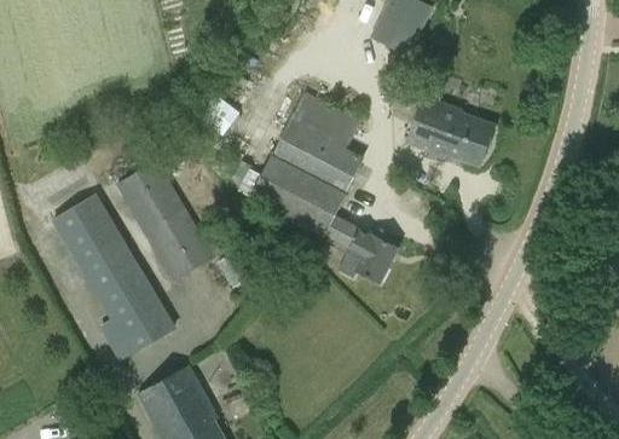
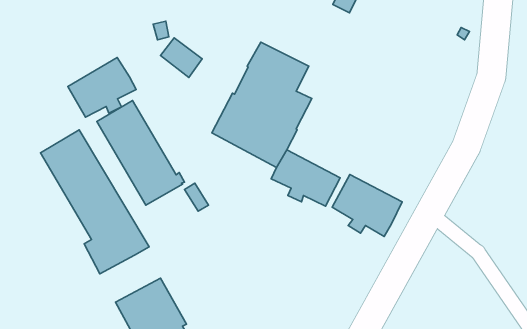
building: [406,96,496,168] -> none
building: none -> [68,57,136,117]
building: none -> [332,174,402,236]

